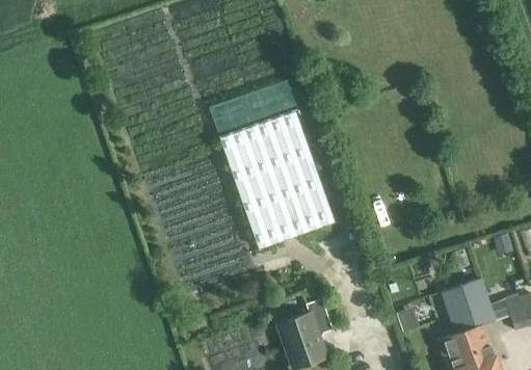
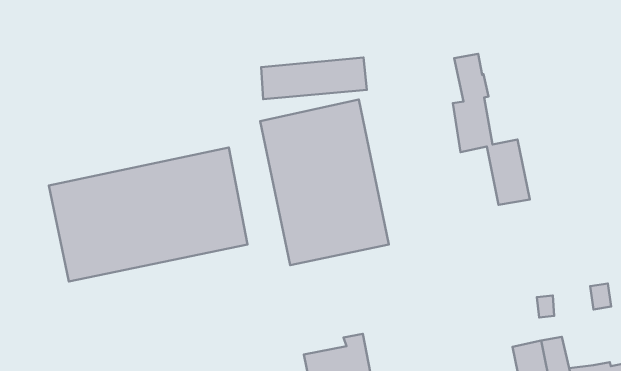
building: none -> [453,54,530,205]
building: none -> [49,148,248,282]

